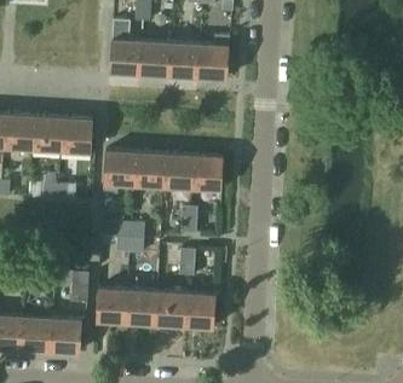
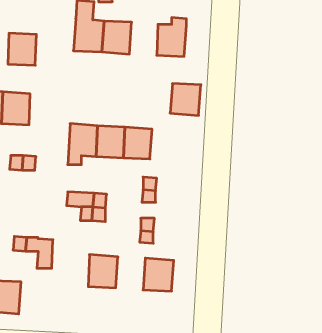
building: [169,42,200,77] -> none
building: [63,118,93,152] -> [8,33,36,65]
building: [191,156,224,190] -> [170,84,201,115]
building: [97,288,127,323] -> none
building: [155,291,186,326] -> none
building: [52,318,82,353] -> none

